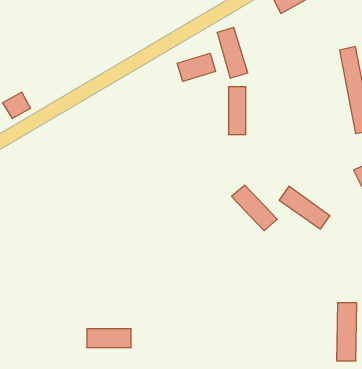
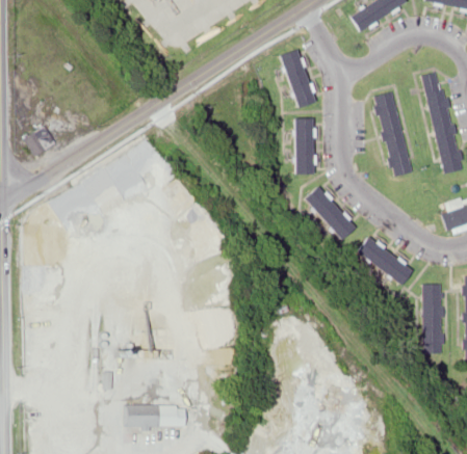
building: [177,53,216,81] -> none
building: none -> [374,91,414,177]
building: [232,185,277,231] -> [301,186,355,240]
building: [337,303,357,361] -> [422,285,446,353]

